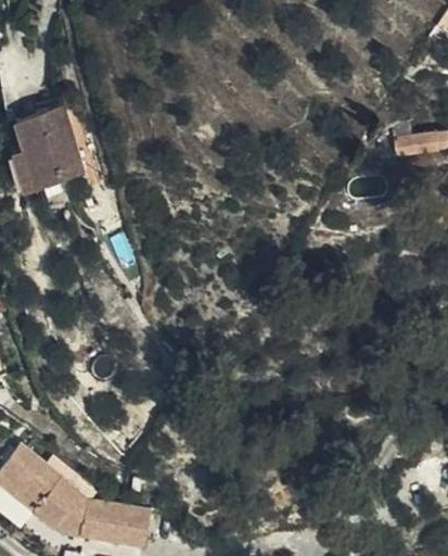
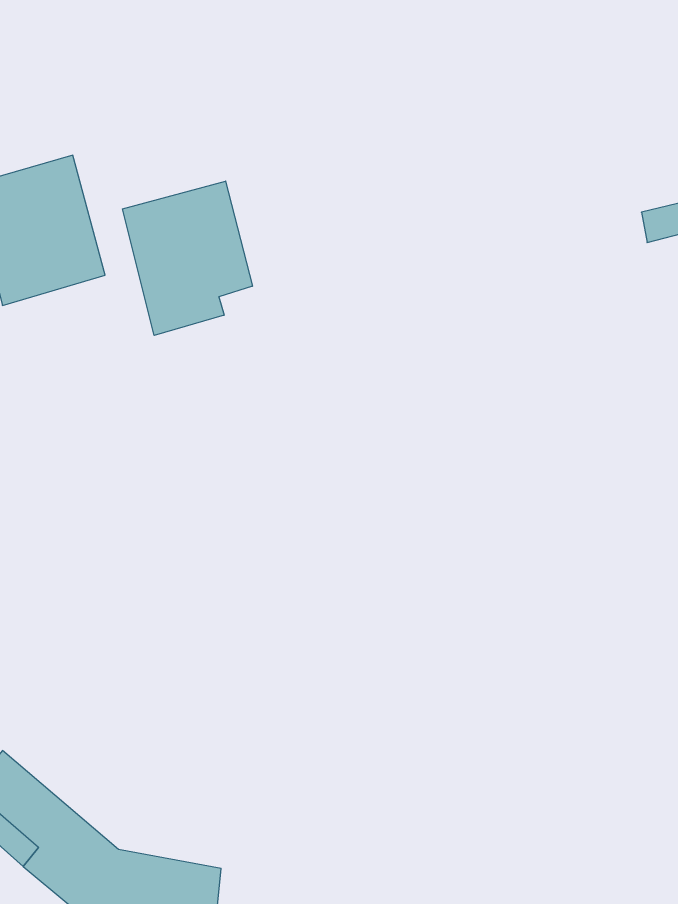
building: none -> [122,181,252,335]

